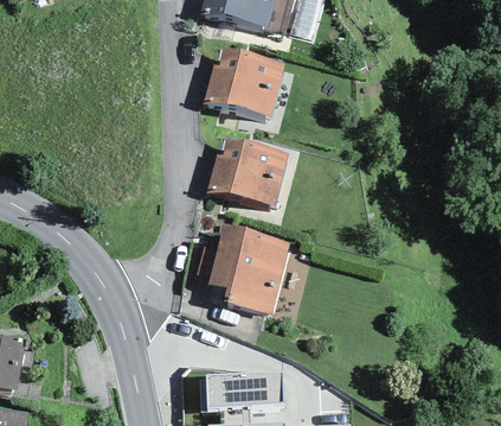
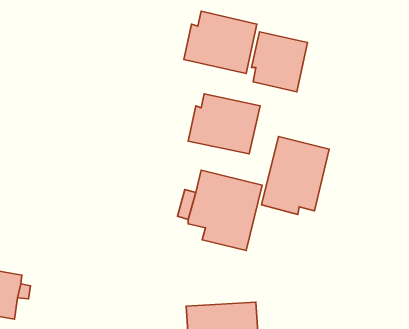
building: none -> [251,32,307,92]
building: none -> [262,136,329,214]

